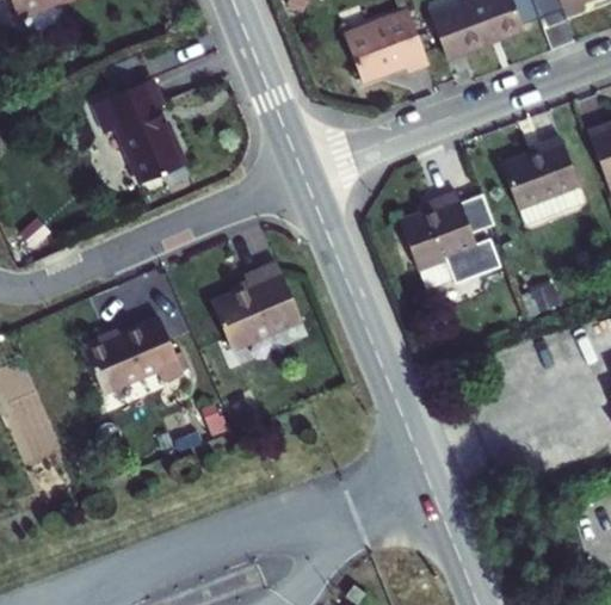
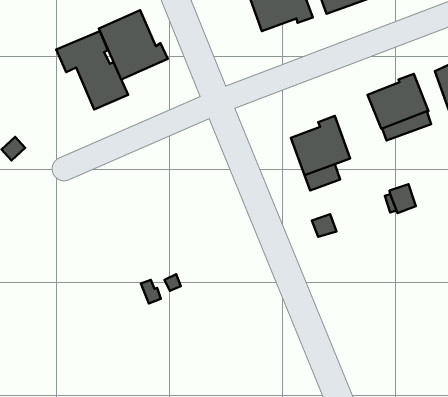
building: none -> [99,10,168,80]
building: [214,263,304,348] -> none
building: [84,316,185,391] -> none

